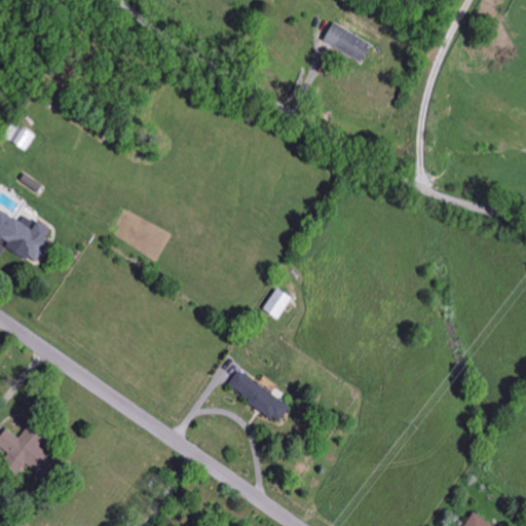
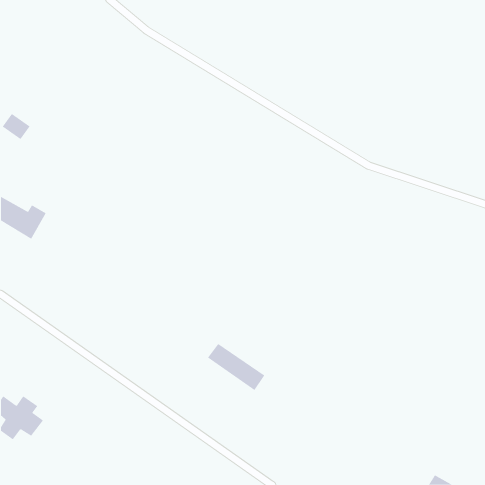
building: [322,21,370,63] -> none
building: [262,289,291,320] -> none

